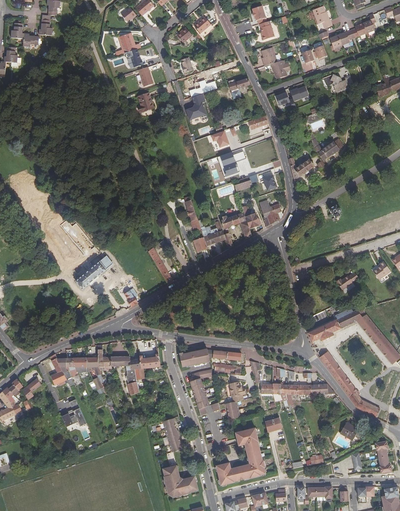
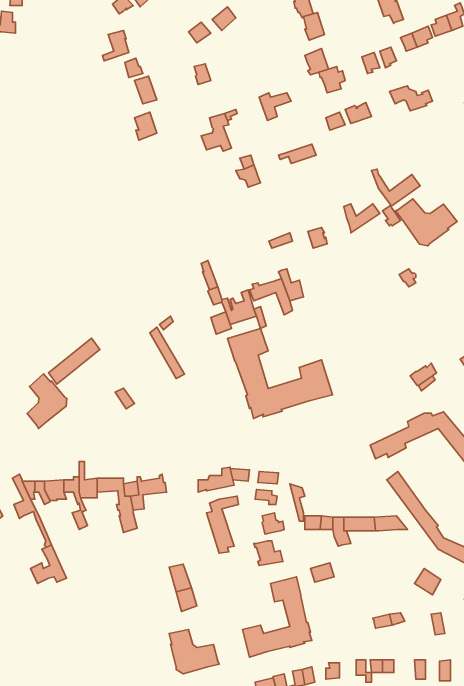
building: [216,150,245,176] -> none
building: none -> [396,199,457,246]
building: [259,199,282,226] -> none
building: none -> [227,329,332,418]
building: none -> [27,374,67,428]

